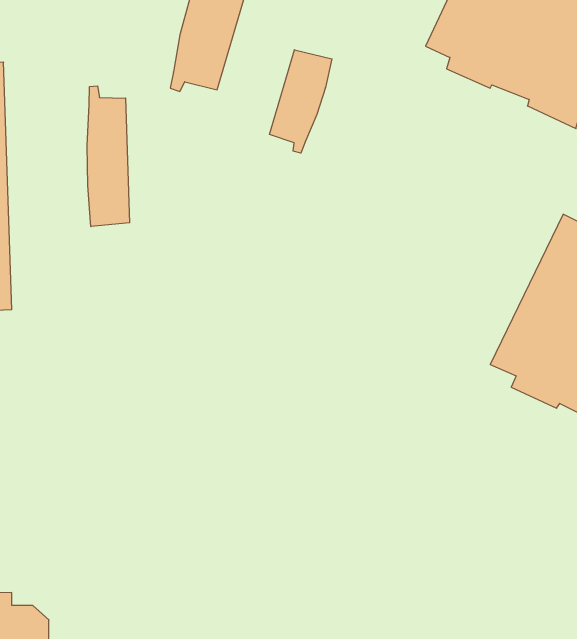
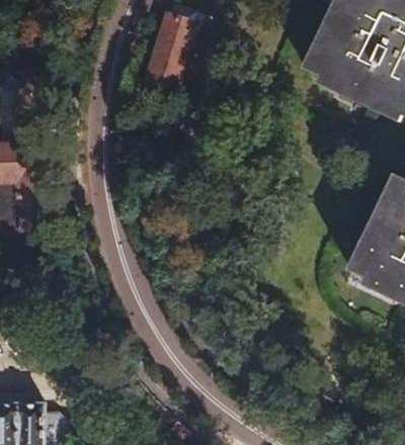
building: [270,50,332,153] -> none
building: [87,86,130,227] -> none

